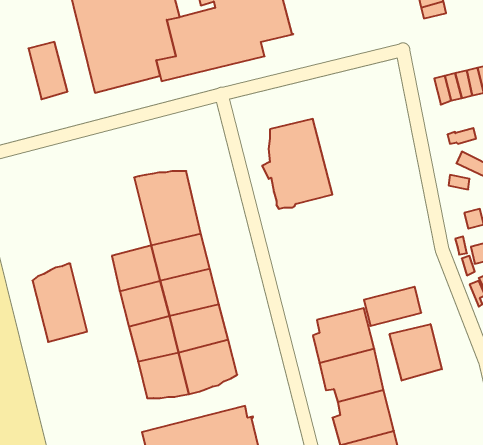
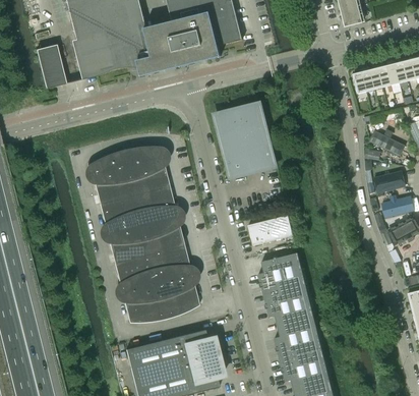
building: [32,264,87,342] -> [89,150,132,211]
building: [364,287,421,326] -> [248,214,293,244]
building: [390,324,442,381] -> none

